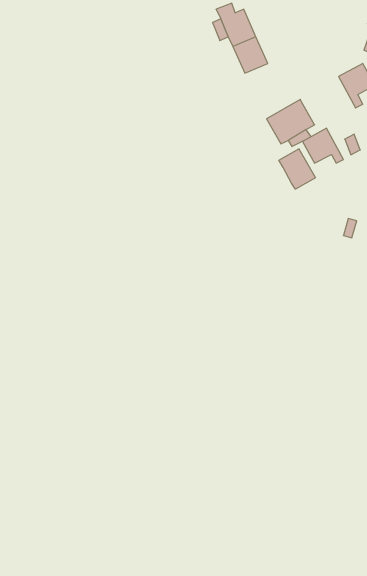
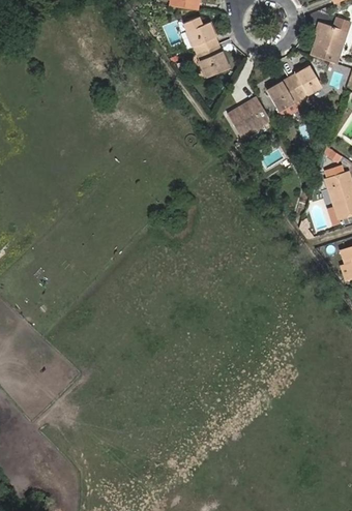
building: [303,128,343,163] -> [271,77,306,107]
building: [279,149,315,189] -> none

